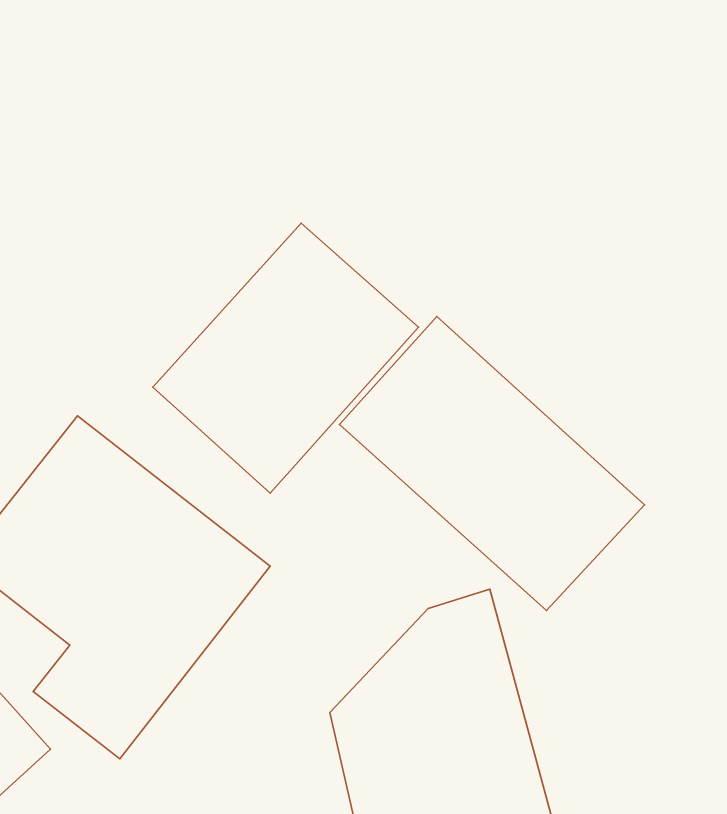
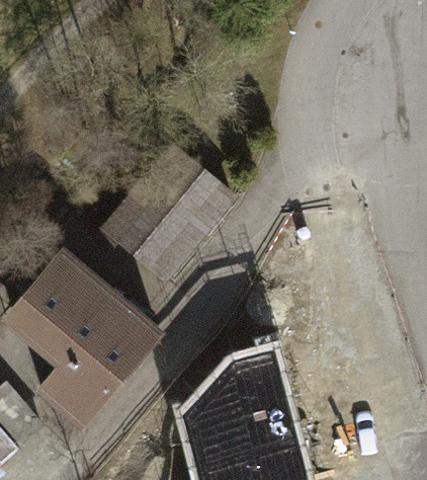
building: [340,317,644,610] -> none

